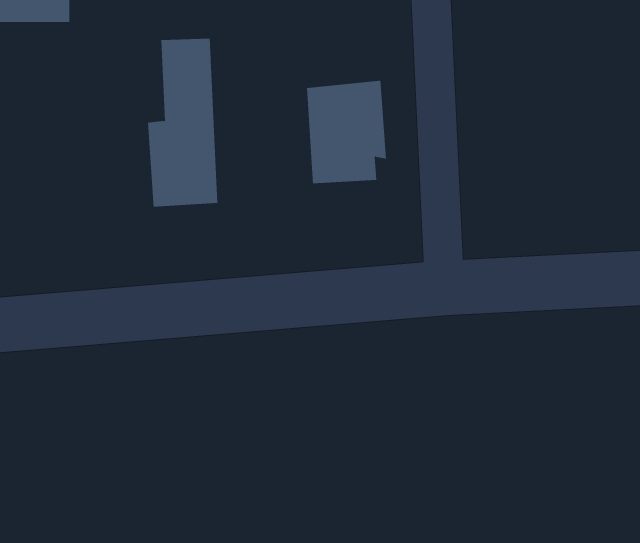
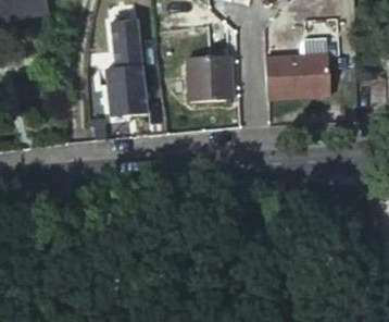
building: none -> [261,44,324,102]

